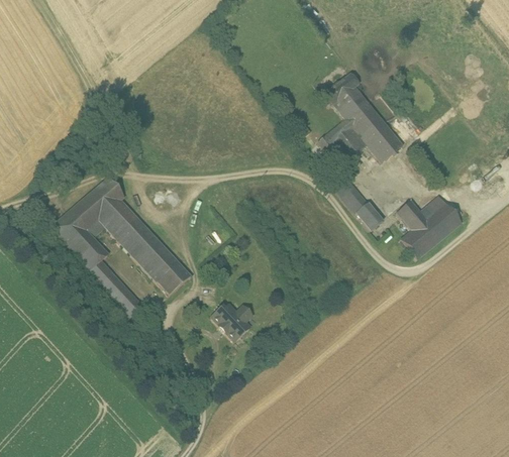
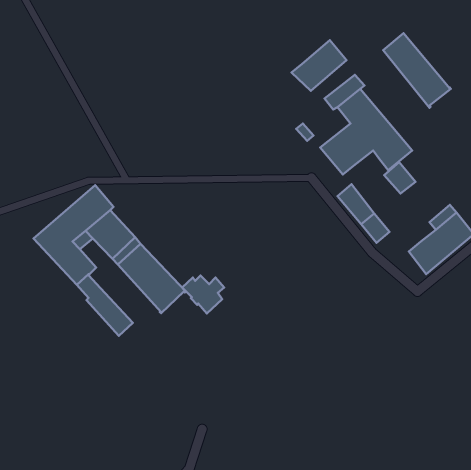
building: none -> [383,33,451,108]
building: none -> [291,40,346,91]
building: [397,200,426,229] -> [384,162,416,194]
building: [212,305,251,340] -> [182,275,224,313]

